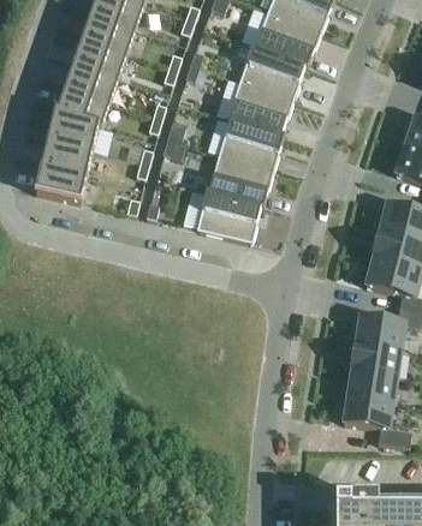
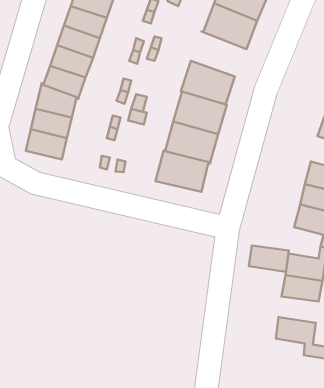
building: [239,41,308,96] -> none
building: [347,366,397,399] -> [249,246,289,272]

